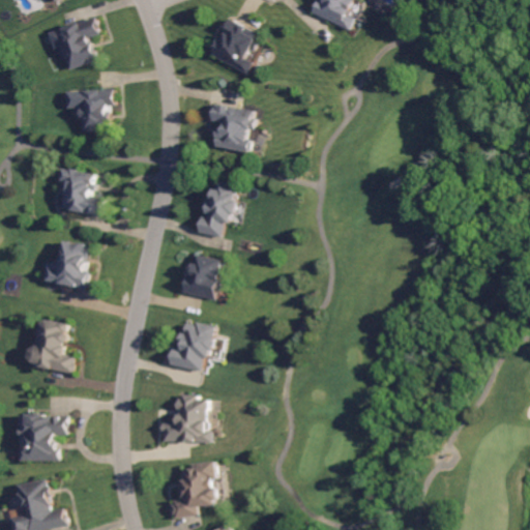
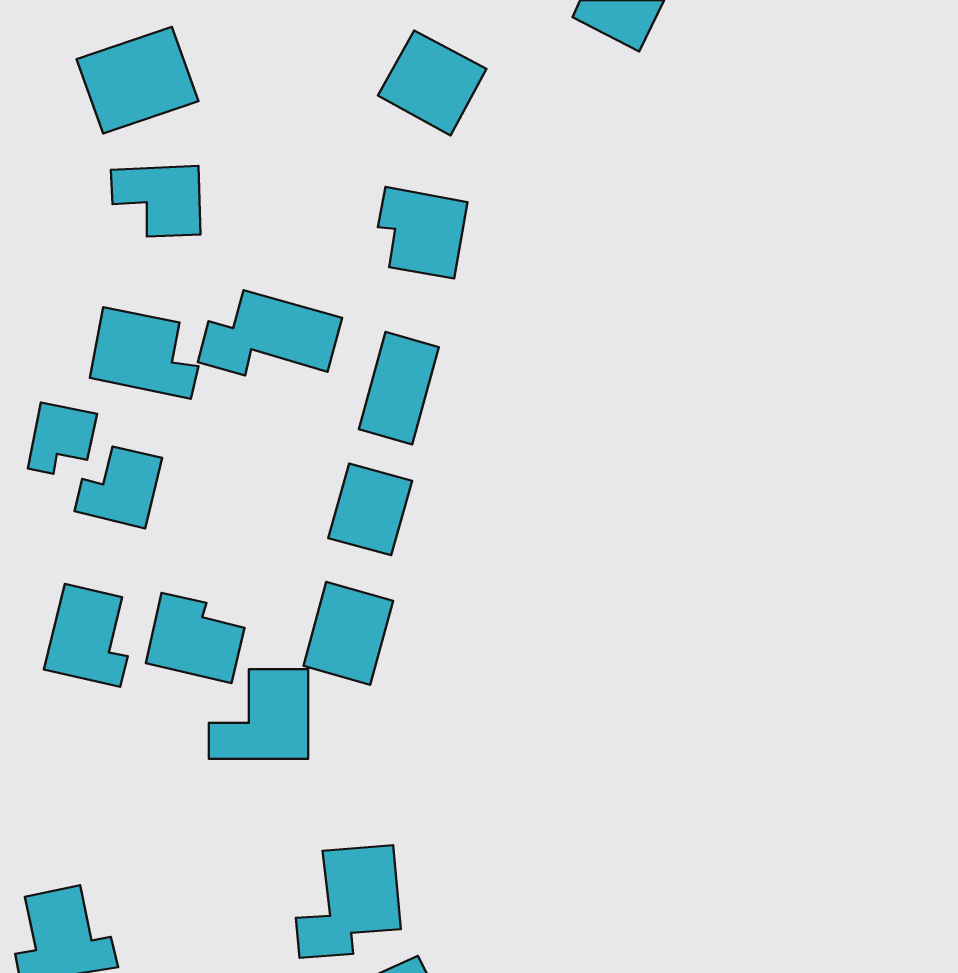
building: none -> [198,290,342,375]
building: none -> [28,402,97,474]
building: none -> [146,593,244,683]
building: [155,396,209,445] -> [209,669,308,759]
building: [14,414,65,458] -> none

